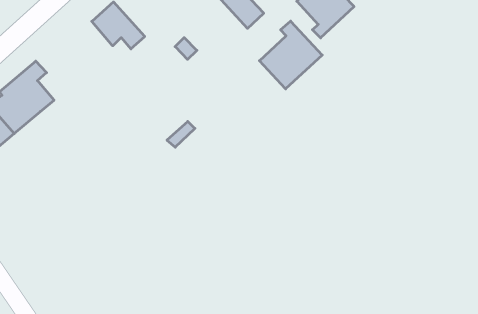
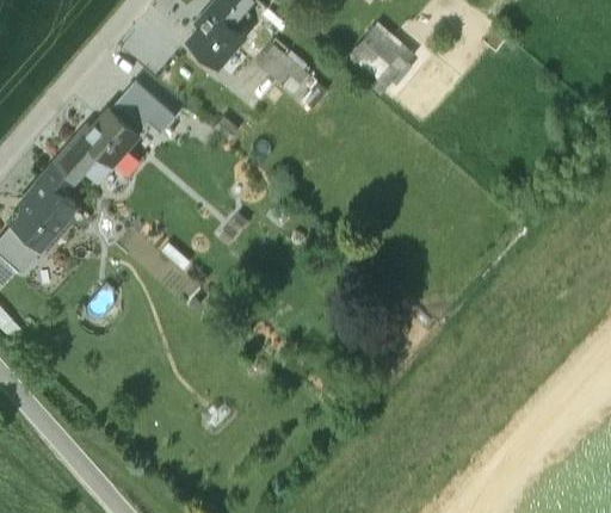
building: [259,21,322,89] -> none
building: none -> [54,111,140,185]

